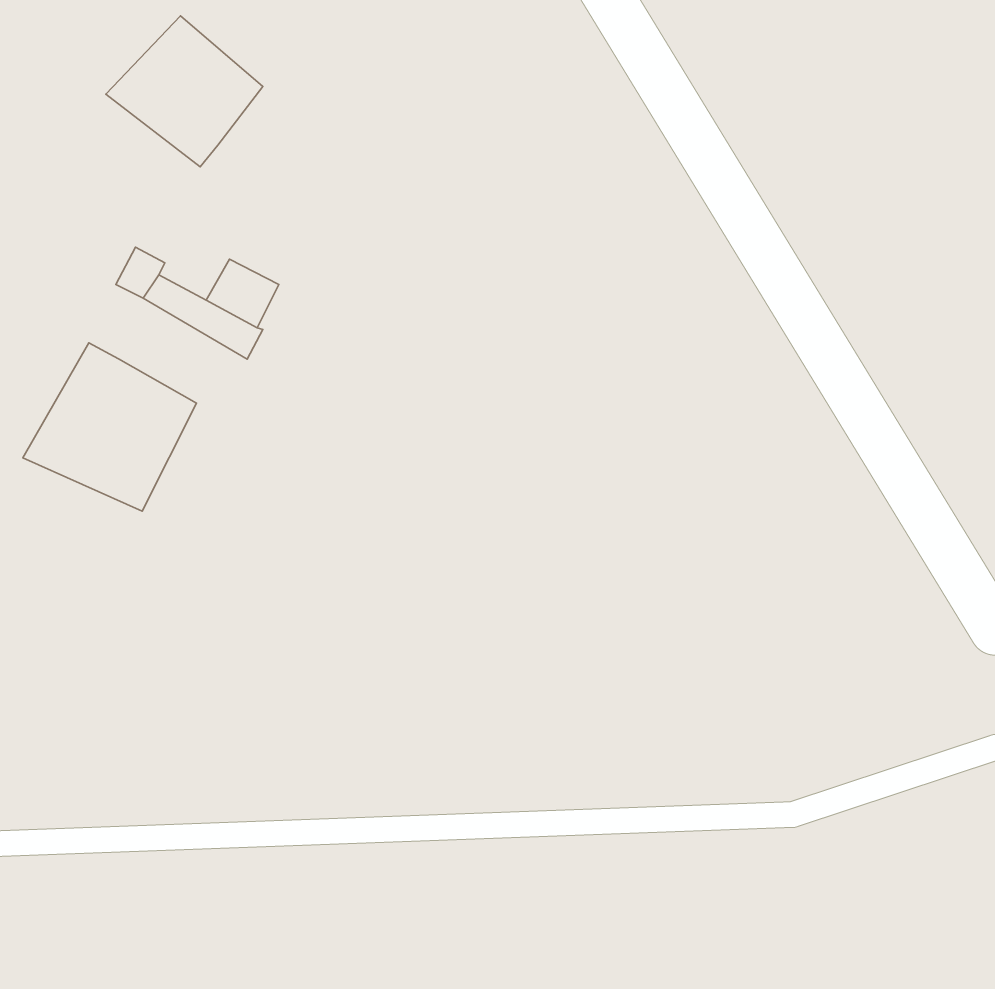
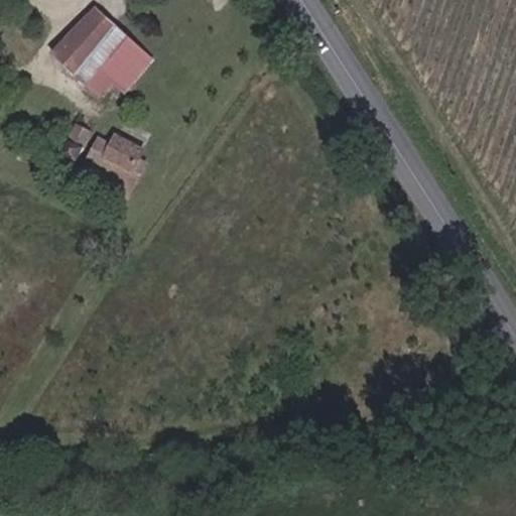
building: none -> [112,44,153,87]
building: [23,343,196,511] -> none

